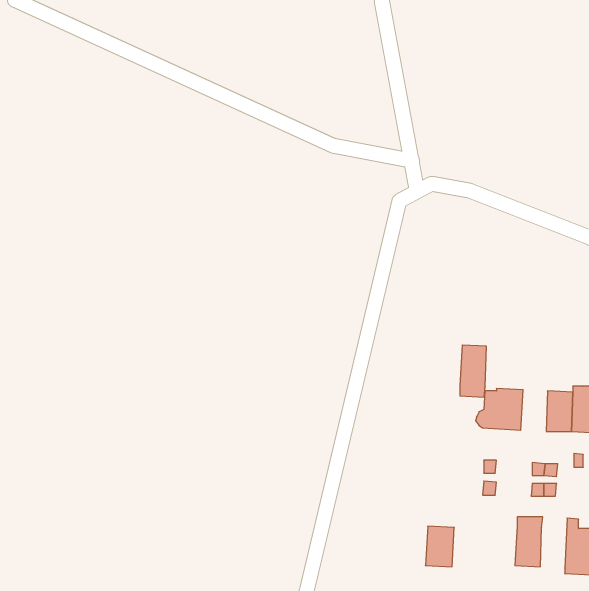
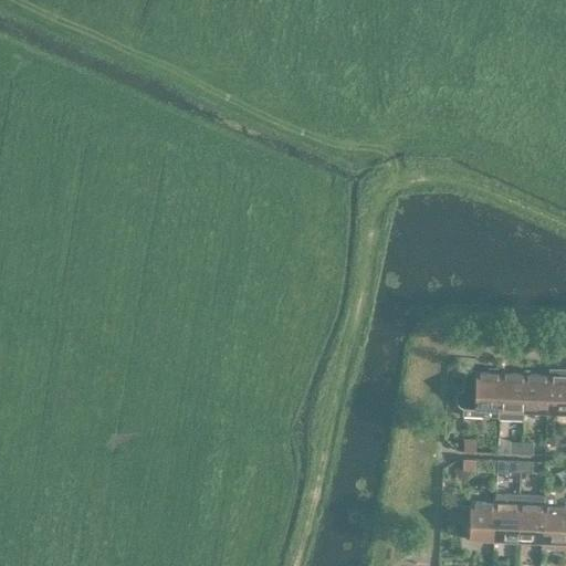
building: [460,345,486,397] -> [500,373,525,422]
building: none -> [518,494,544,543]
building: [425,526,454,567] -> [469,502,496,541]

